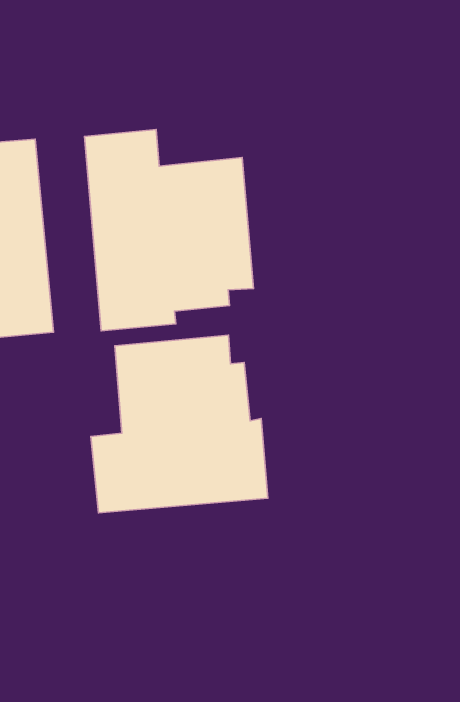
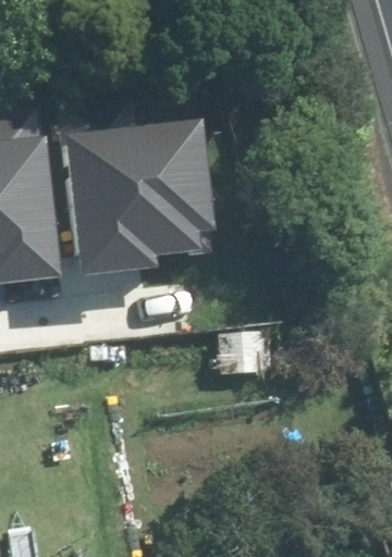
building: [91,335,268,513] -> none

